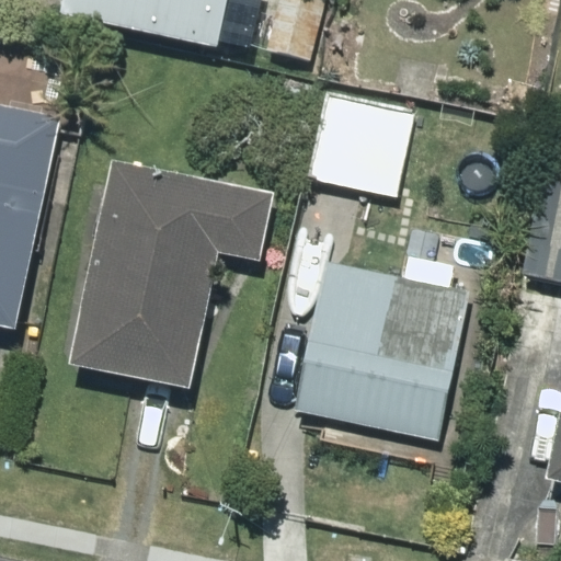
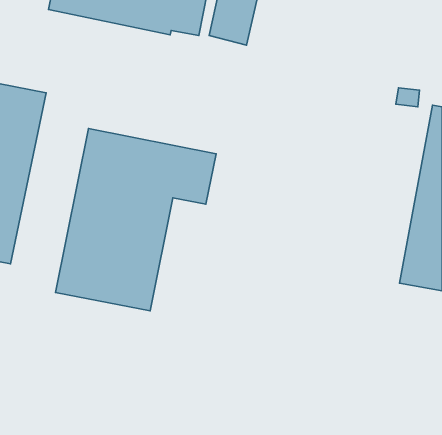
building: [314,91,414,193] -> none
building: [294,253,469,446] -> none

